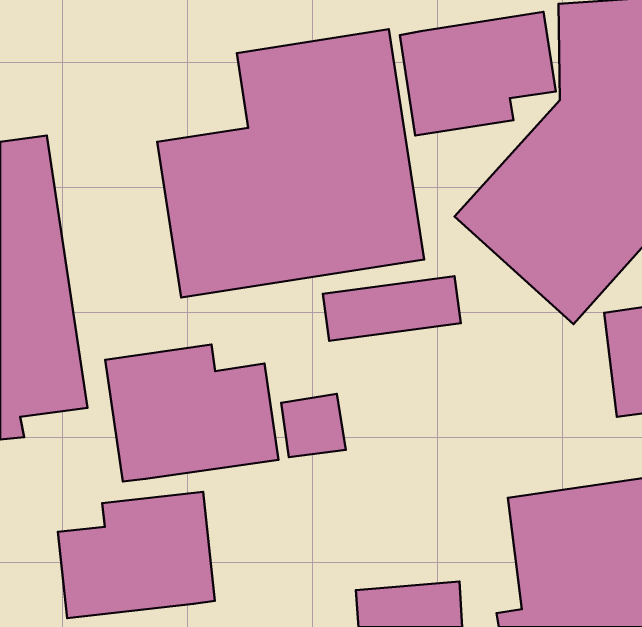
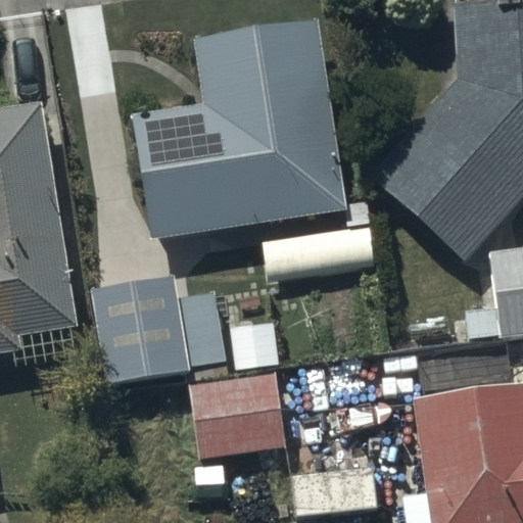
building: [400,12,556,135] -> none
building: none -> [193,373,283,456]
building: [58,492,215,618] -> none

